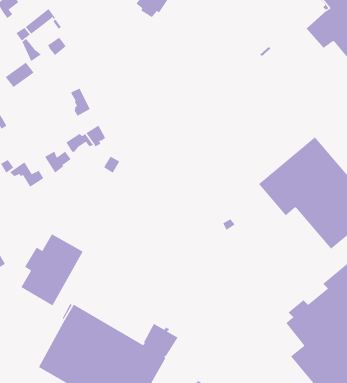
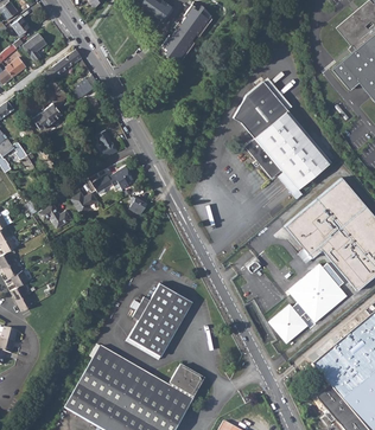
building: none -> [234,81,331,199]
building: none -> [273,270,350,349]
building: [21,234,84,306] -> [129,283,192,355]

